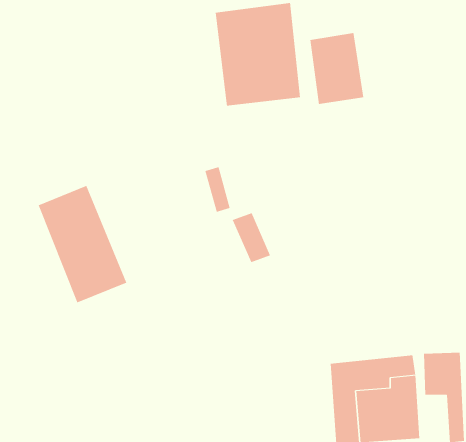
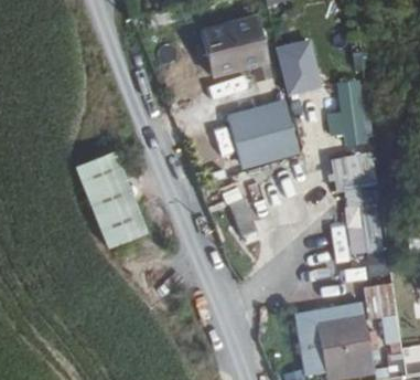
building: none -> [329,81,366,142]
building: none -> [227,99,301,170]
building: none -> [333,155,385,277]

